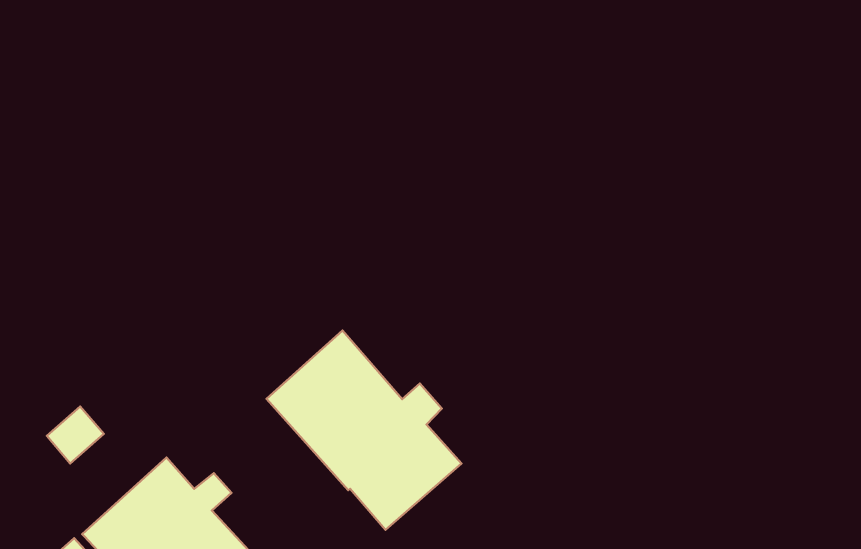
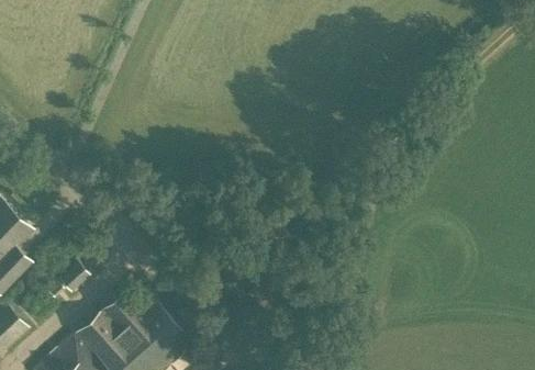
building: [267,330,462,530] -> none

